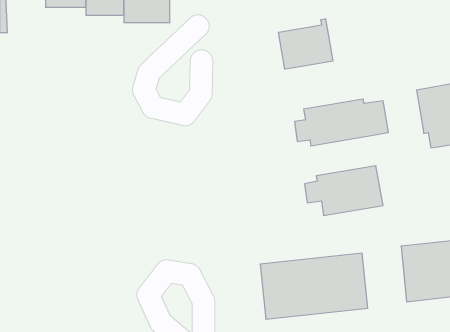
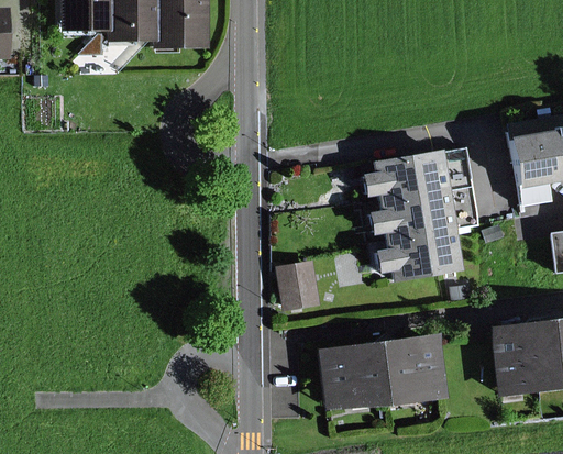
building: [278,19,333,69] -> none
building: none -> [368,186,481,239]
building: none -> [277,259,324,310]

